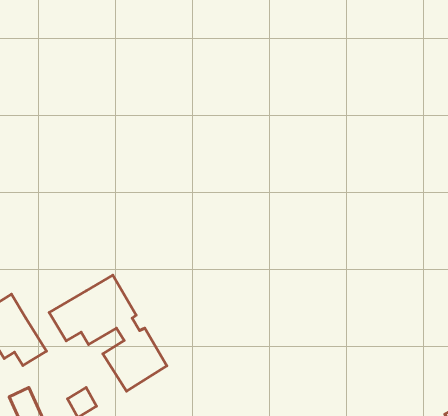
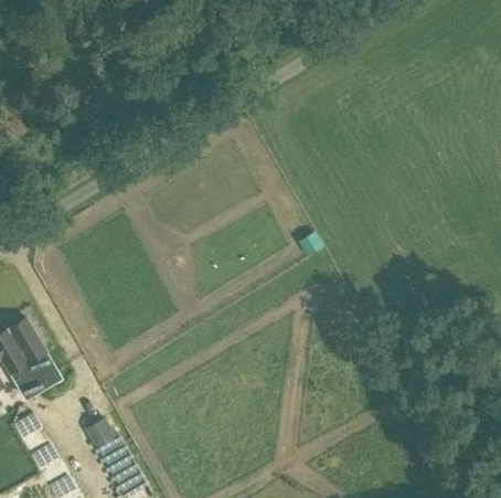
building: [49,275,167,391] -> none

